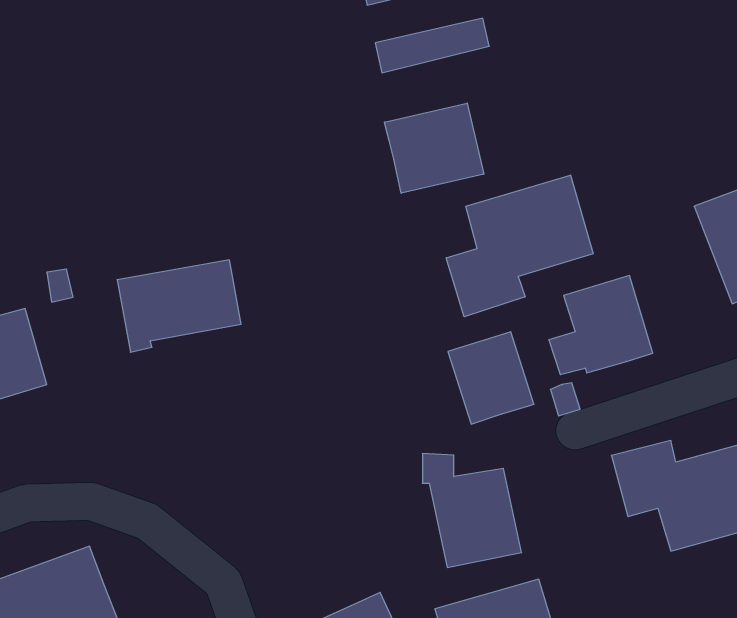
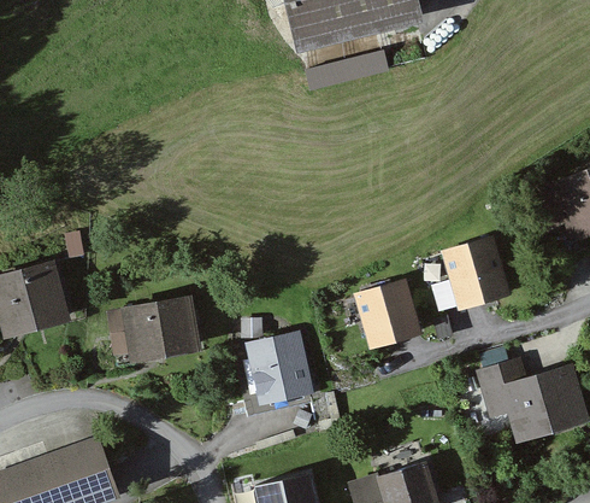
building: [385,103,484,193] -> none
building: [446,175,593,317] -> none
building: [117,260,241,352] -> [108,300,199,368]
building: [422,454,522,567] -> [242,320,314,403]

